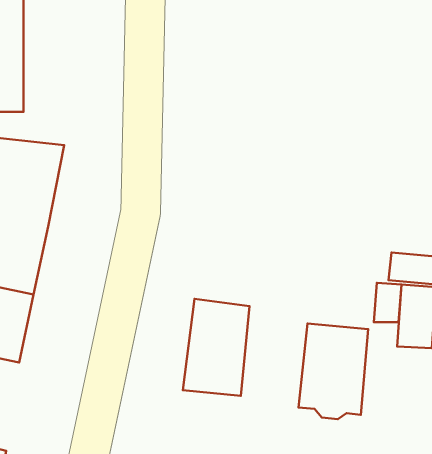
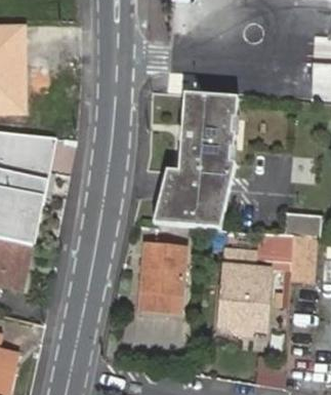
building: none -> [154,95,237,231]

